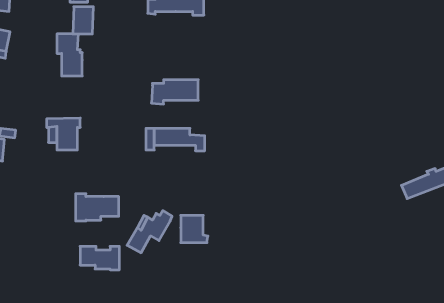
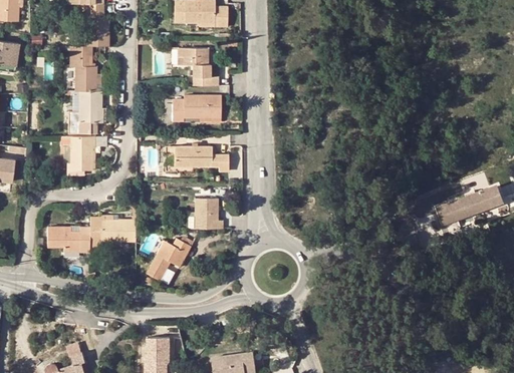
building: none -> [168,47,218,85]
building: none -> [68,91,101,134]
building: [181,215,208,243] -> [194,200,223,229]
building: [80,246,119,270] -> [47,228,89,253]

